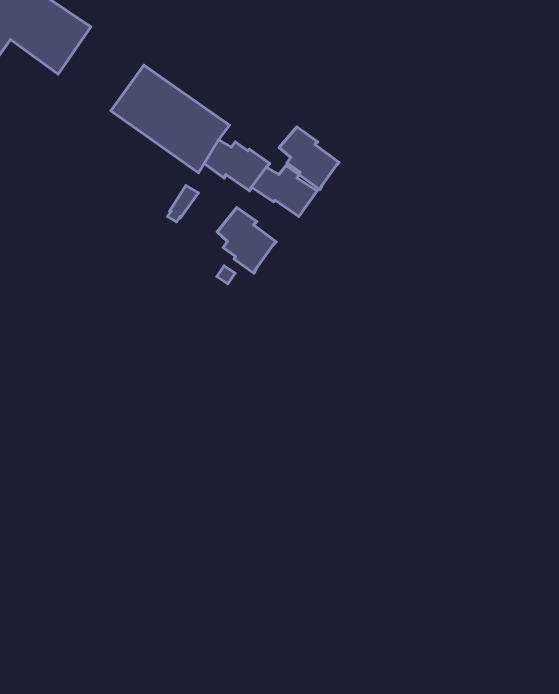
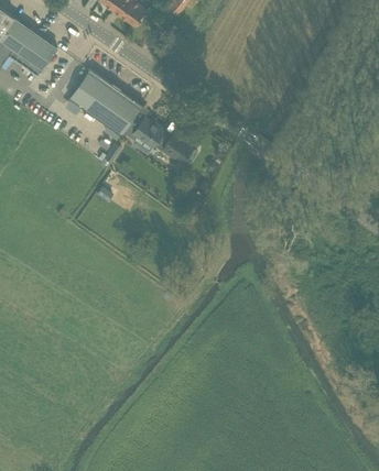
building: [279,127,339,190] -> none
building: [217,208,276,273] -> none

